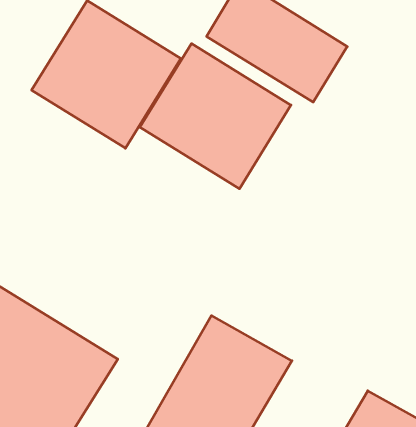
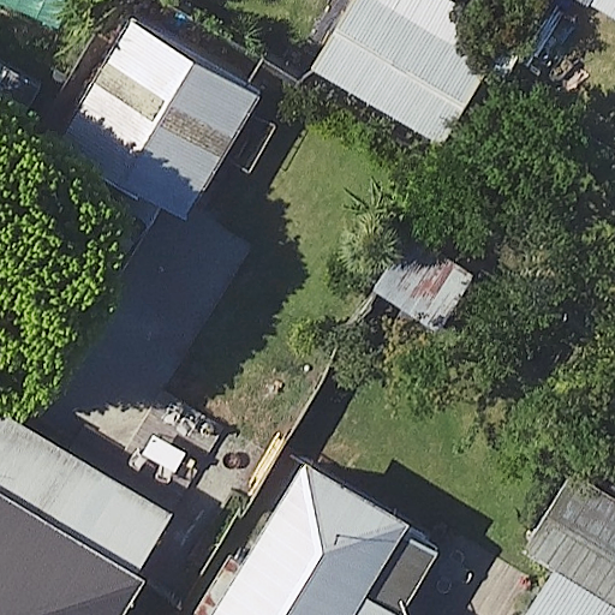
building: [140,44,291,189] -> none

